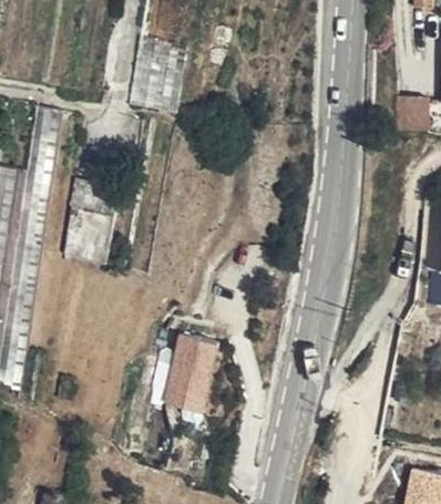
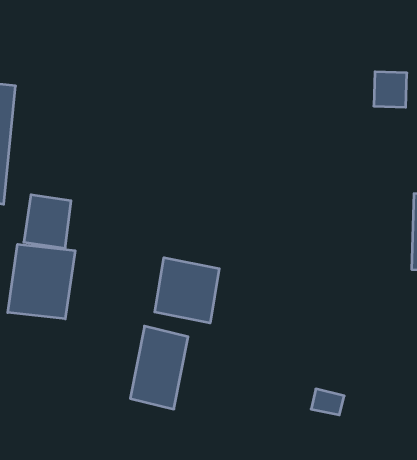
building: none -> [8,244,75,319]
building: none -> [155,258,219,323]

